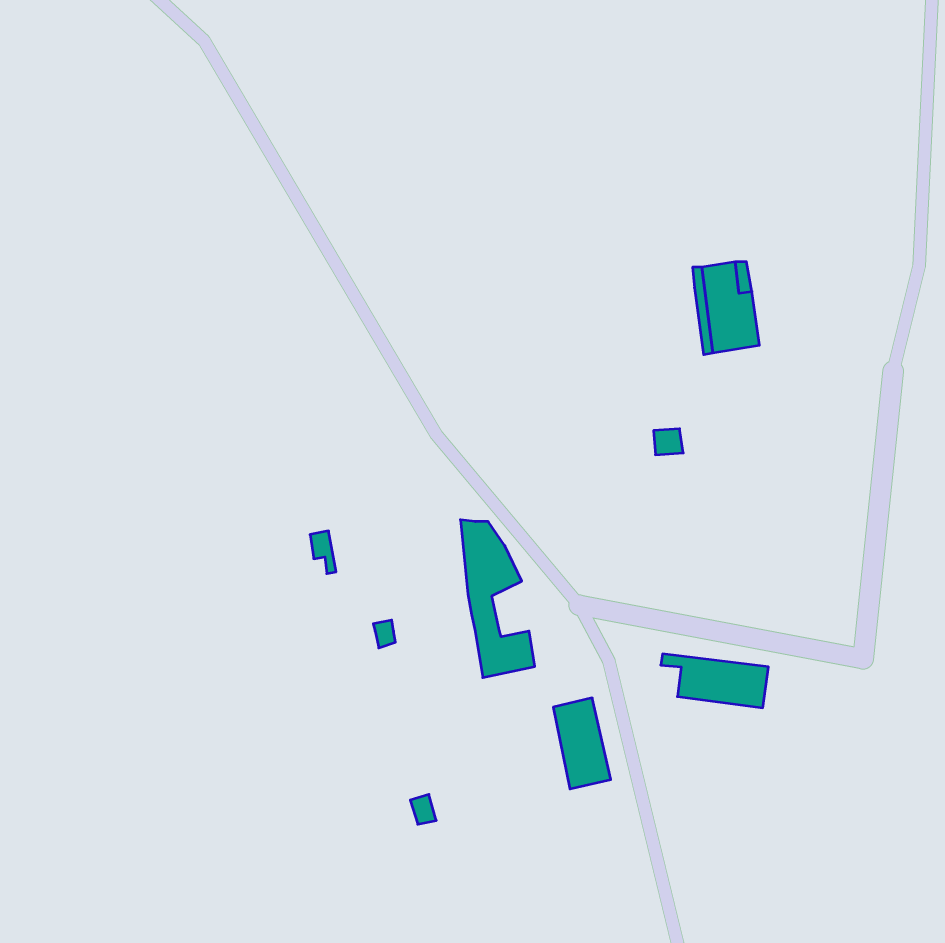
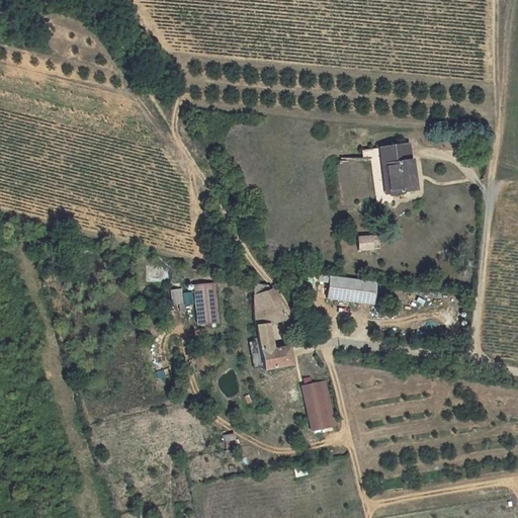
building: none -> [193,283,220,325]
building: [661,654,768,708] -> [319,274,377,304]

